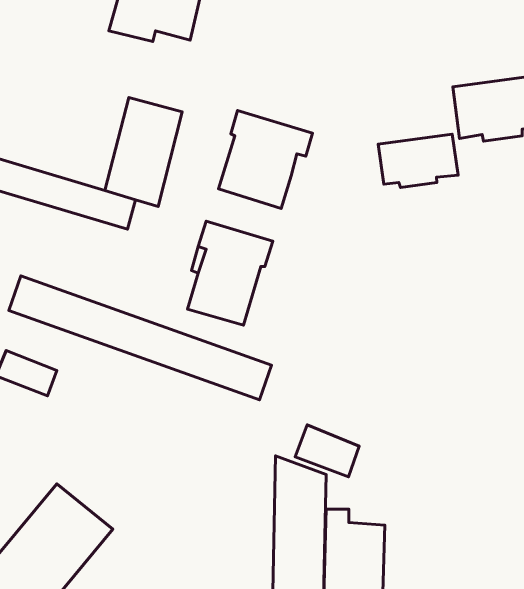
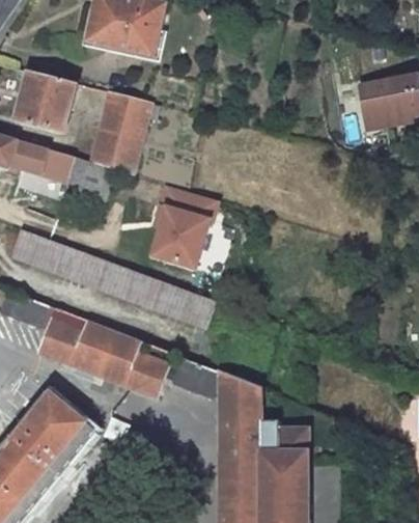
building: none -> [13,72,75,134]
building: [219,111,312,208] -> none
building: [378,134,458,188] -> none
building: none -> [39,319,167,397]
building: [295,425,359,477] -> [171,355,221,395]

